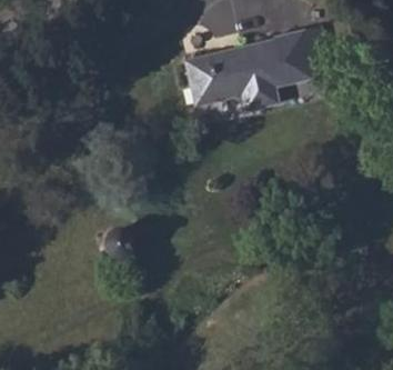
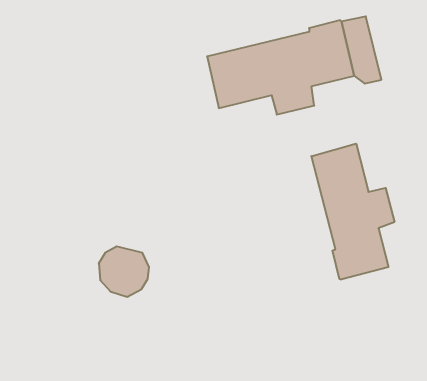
building: none -> [311,144,394,280]

